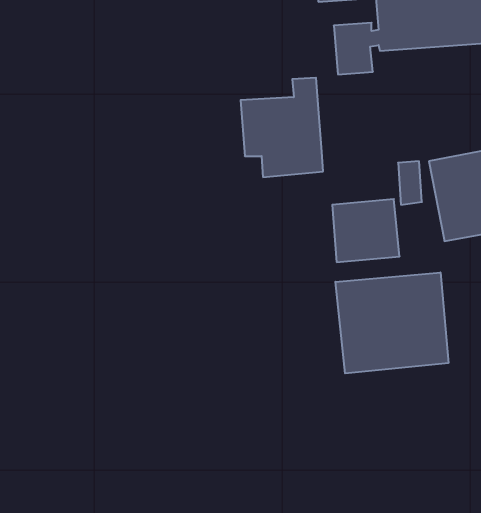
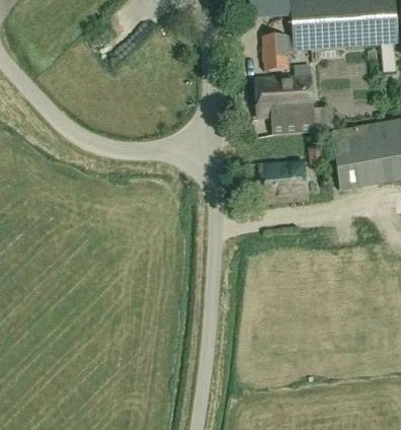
building: [241,78,323,177] -> [255,62,315,134]
building: [335,272,448,373] -> none

